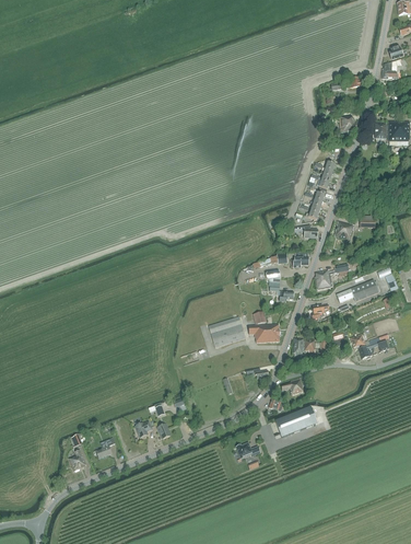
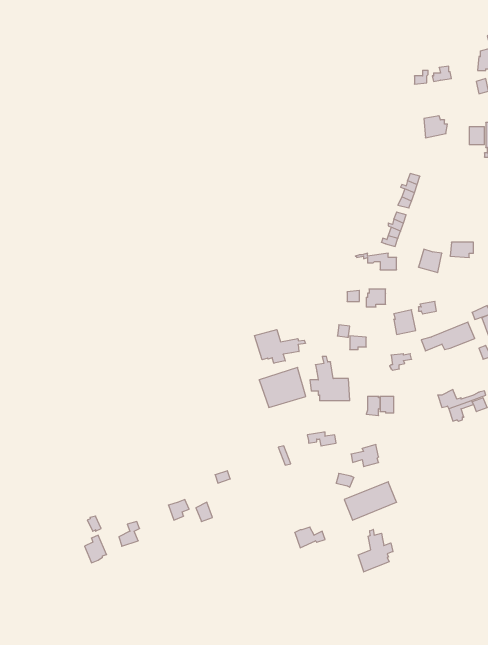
building: none -> [254,330,305,363]
building: none -> [358,529,393,572]

